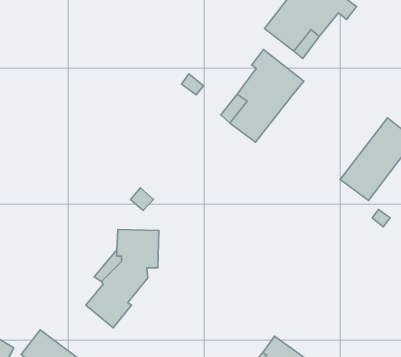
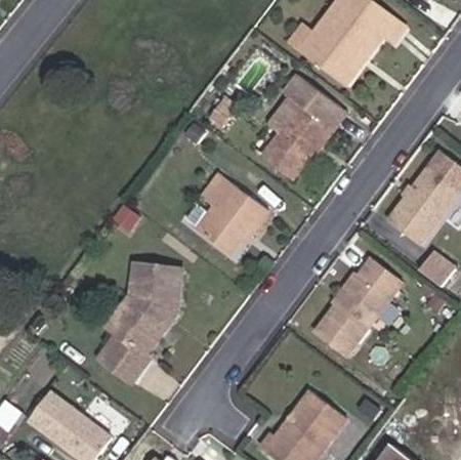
building: none -> [197,171,266,253]
building: none -> [313,256,402,356]

